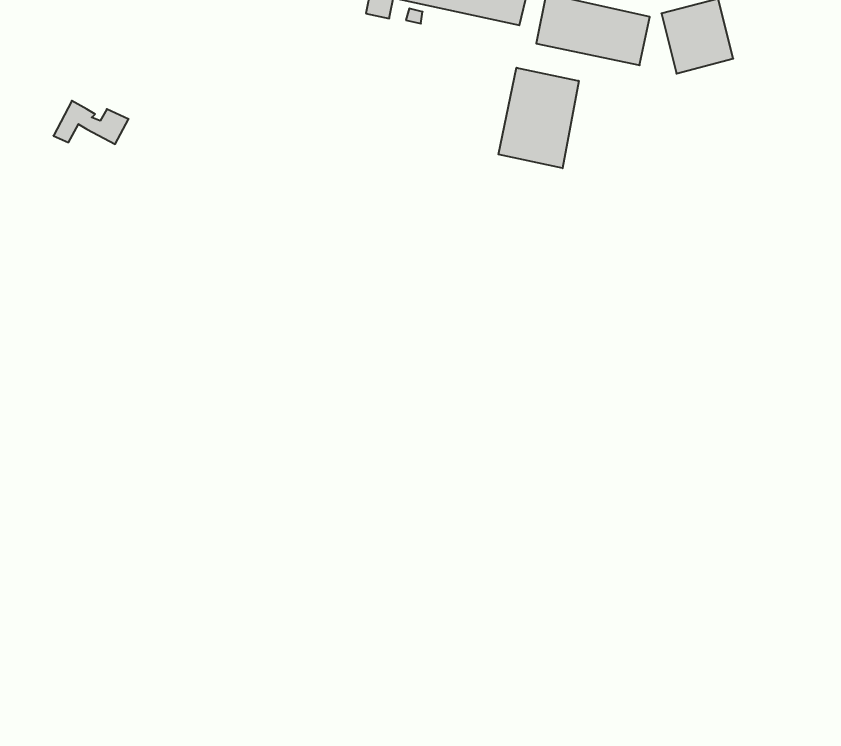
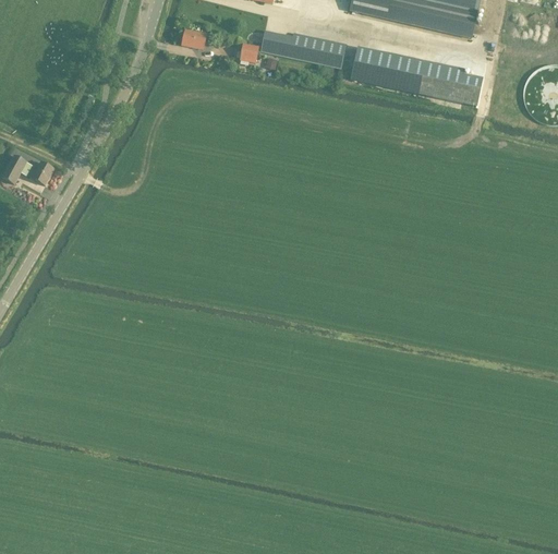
building: [498,68,579,168] -> none
building: [53,101,129,144] -> [5,156,54,184]

